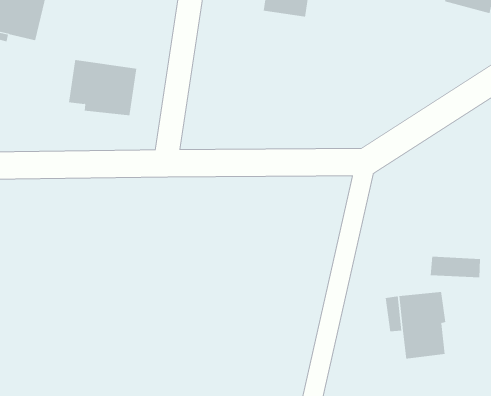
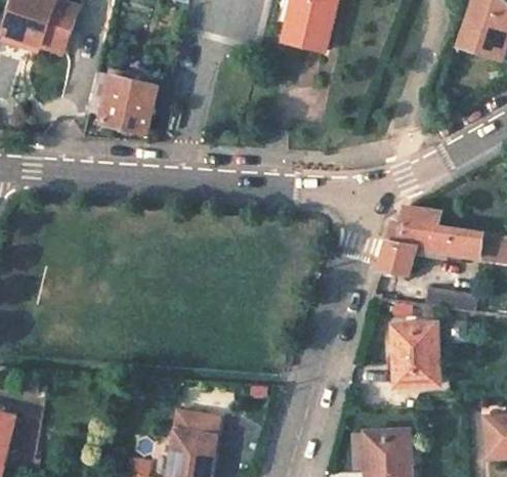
building: none -> [380,206,481,272]

